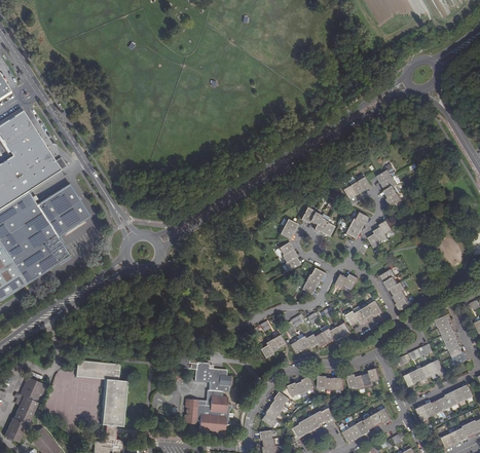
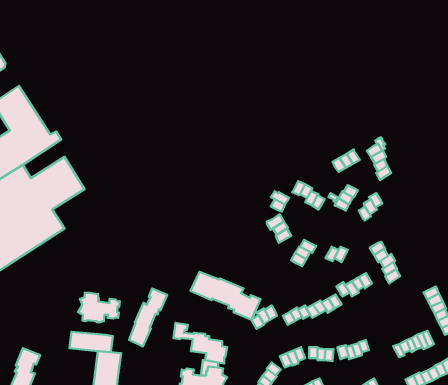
building: none -> [190,272,261,320]
building: none -> [129,288,167,346]
building: none -> [78,293,120,323]

